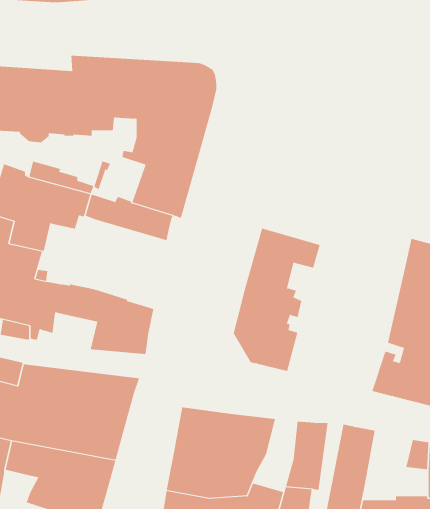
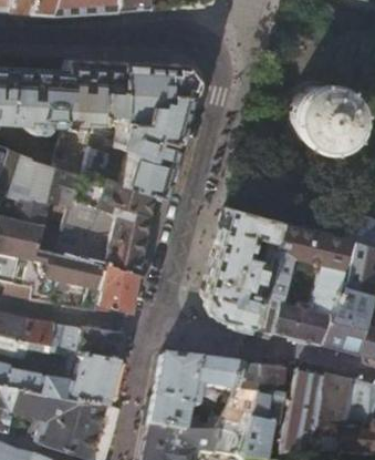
building: none -> [281,79,354,152]
building: none -> [60,198,150,274]
building: none -> [252,219,351,344]
building: none -> [227,367,260,429]
building: none -> [317,377,353,425]

